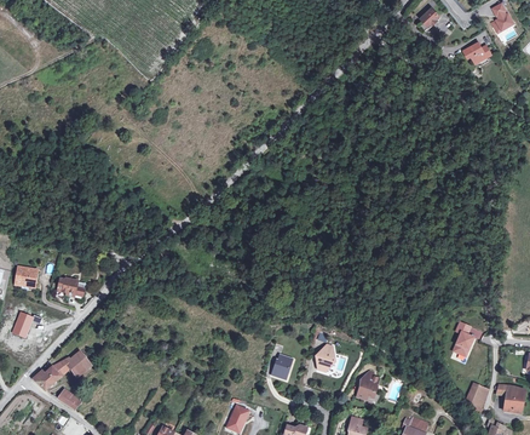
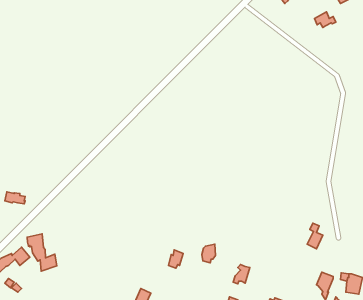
building: none -> [27,234,57,271]

